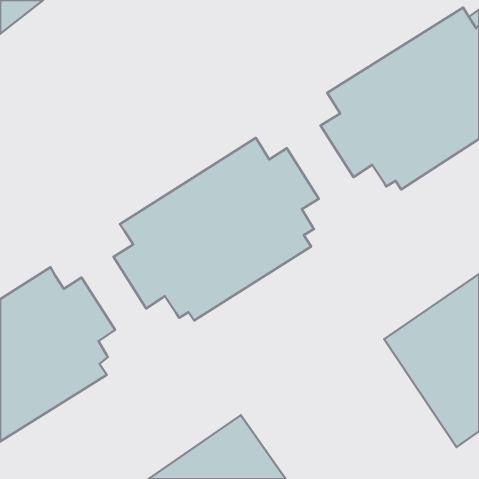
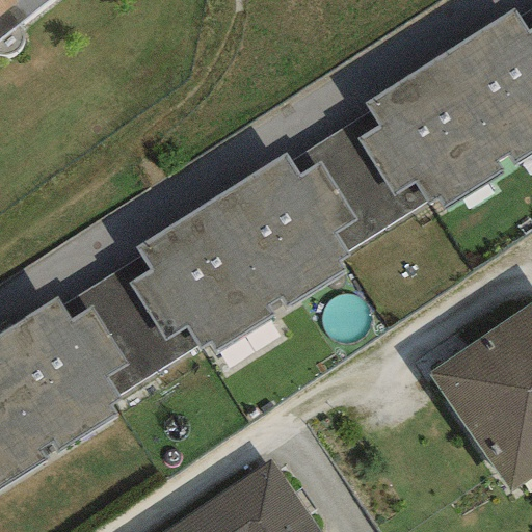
building: none -> [289,111,426,252]
building: none -> [61,257,195,394]

